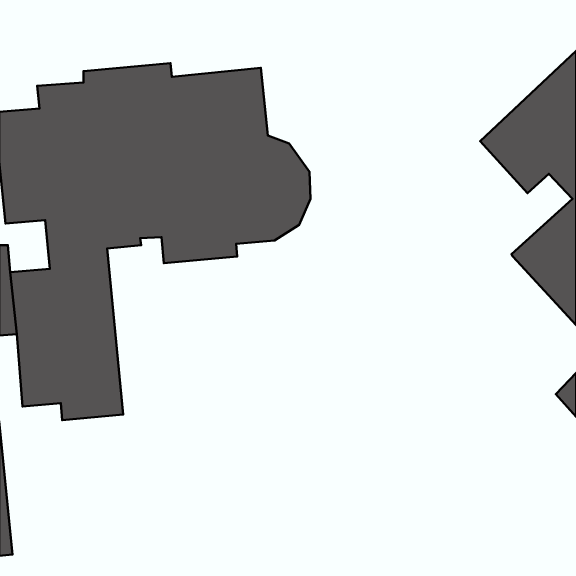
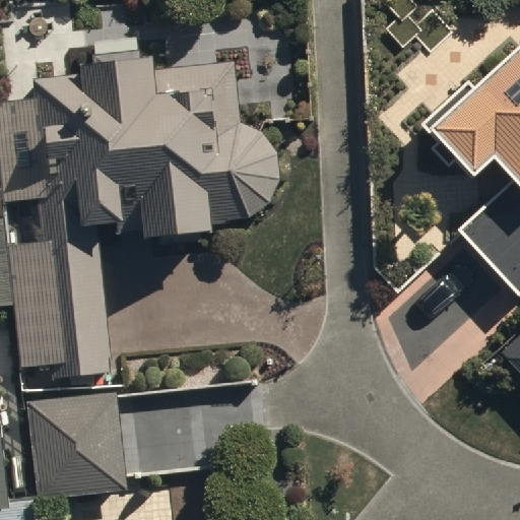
building: none -> [28,394,126,499]

